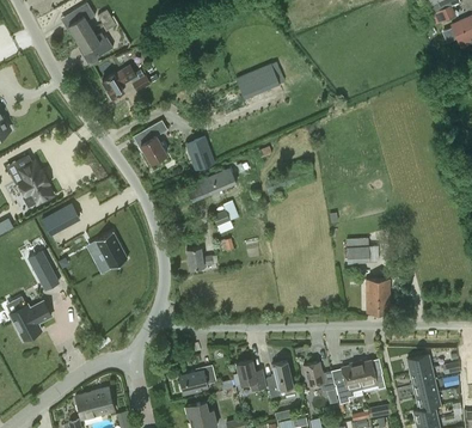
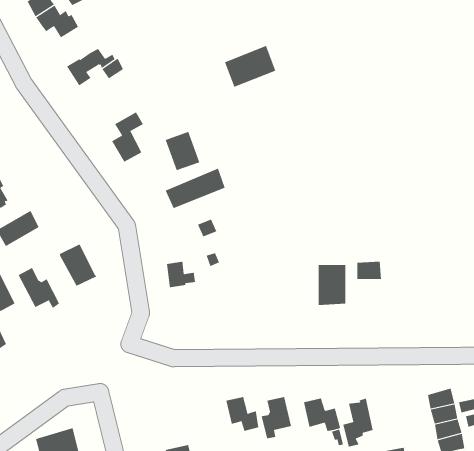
building: none -> [18,267,60,309]
building: [366,279,390,313] -> [318,265,346,305]
building: [356,360,385,390] -> none
building: [178,367,216,395] -> none

